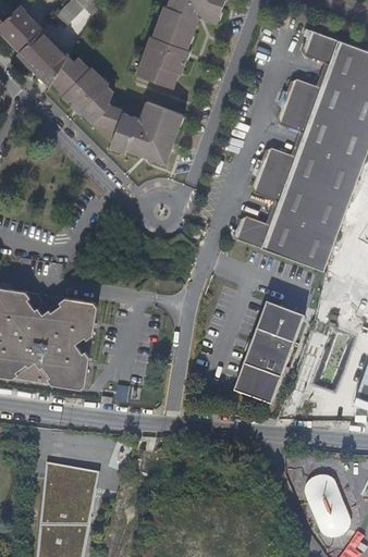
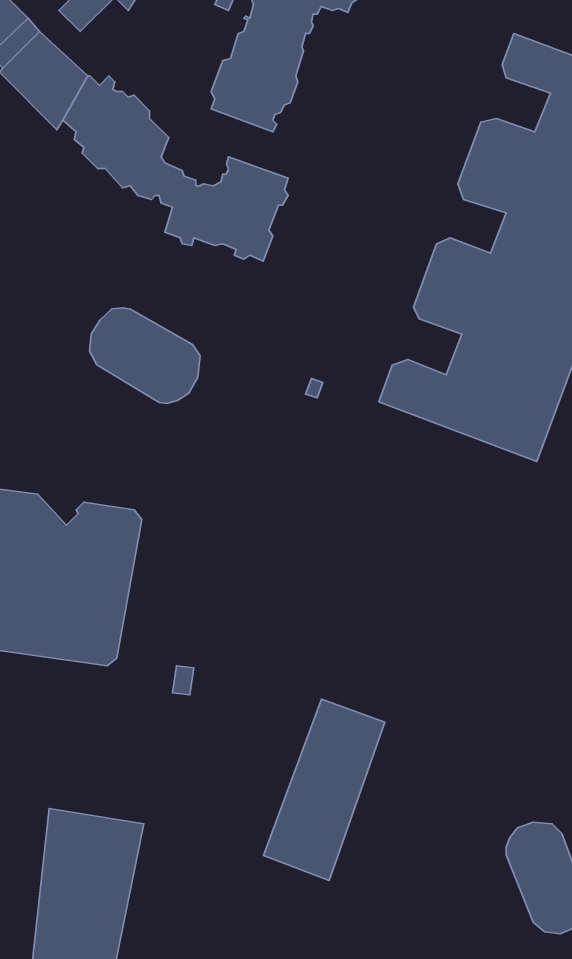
building: none -> [90,308,200,403]
building: [233,302,302,405] -> [264,699,385,880]

